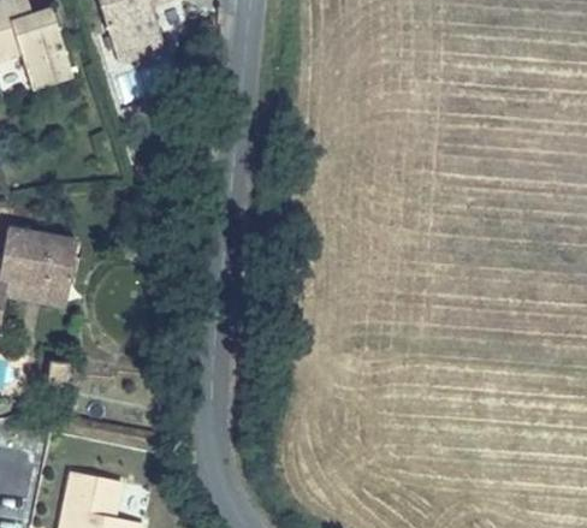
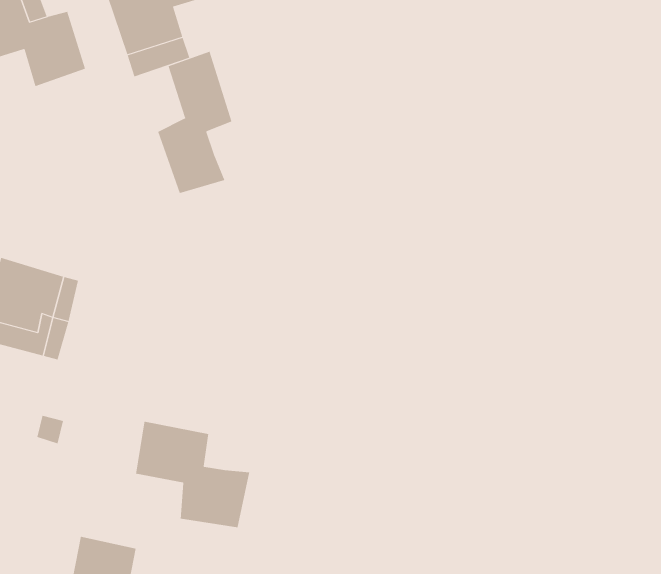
building: none -> [158,51,232,194]
building: none -> [135,421,250,528]

